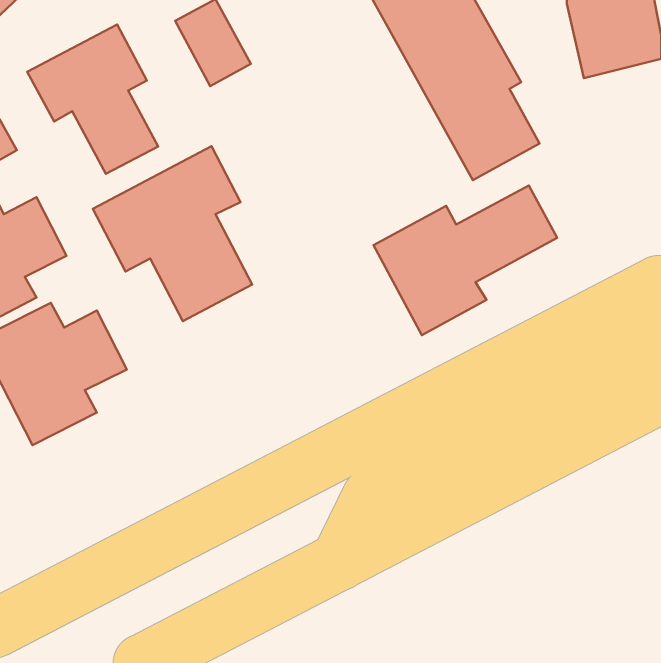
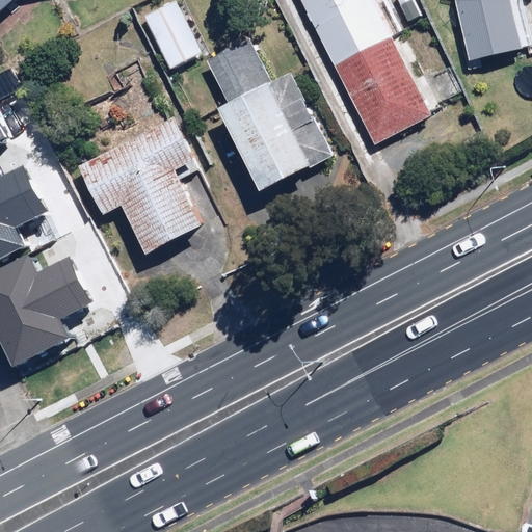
building: [27,25,158,174] -> none
building: none -> [208,39,335,196]
building: [374,185,557,335] -> none

